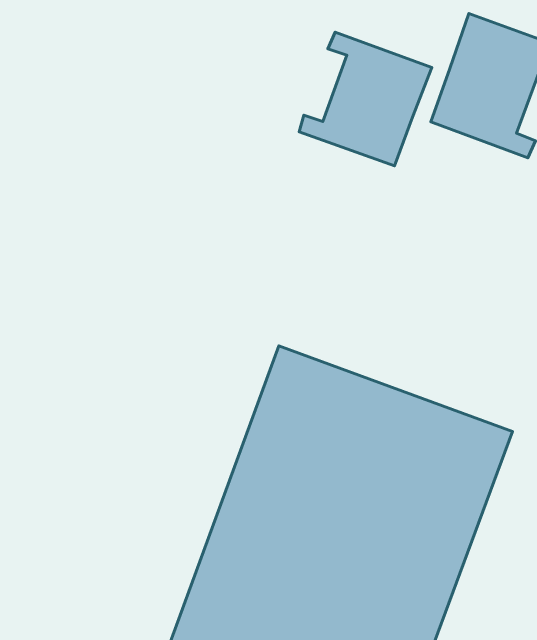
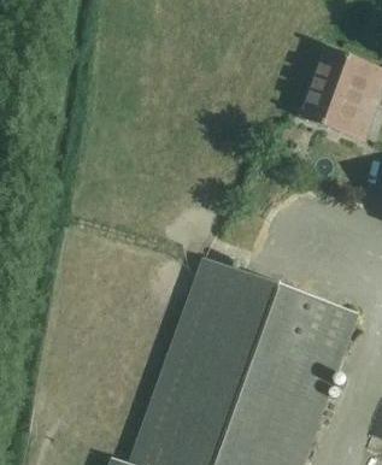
building: [299,32,432,166] -> none

